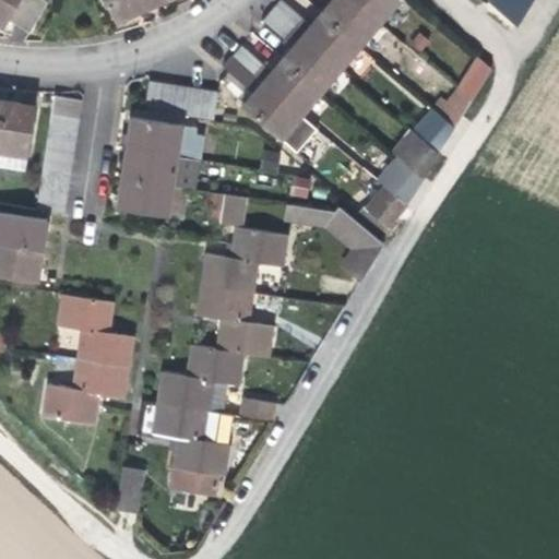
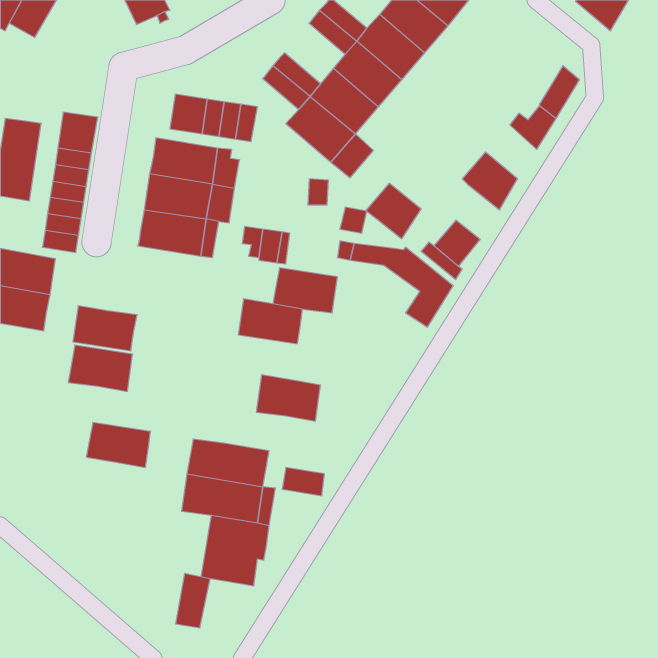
building: [413,107,455,152] -> none
building: [377,156,424,203] -> [366,183,421,239]
building: [198,284,252,322] -> none
building: [79,328,133,366] -> [73,306,137,351]
building: [188,345,242,384] -> none
building: [44,384,98,423] -> none
building: [116,466,145,512] -> [175,574,210,628]

